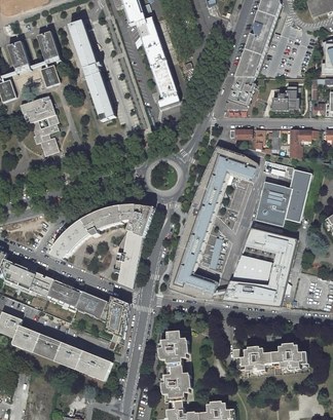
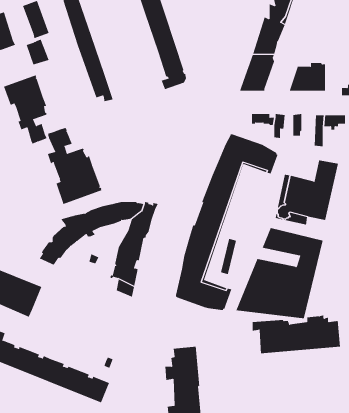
building: none -> [47,127,103,205]
building: [45,279,130,338] -> none
building: [231,343,308,377] -> [252,315,341,354]

